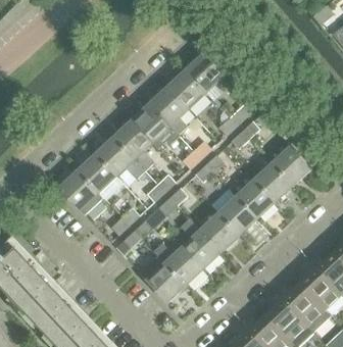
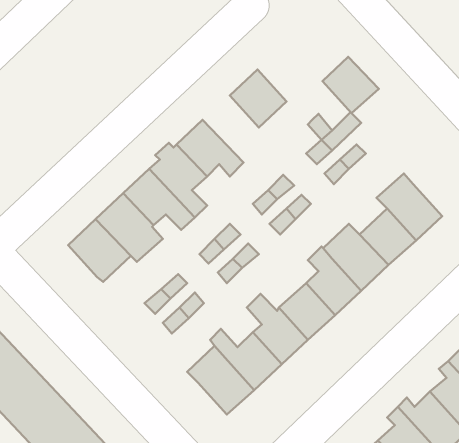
building: [187,54,225,92] -> [322,57,379,113]
building: [150,88,188,133] -> none

